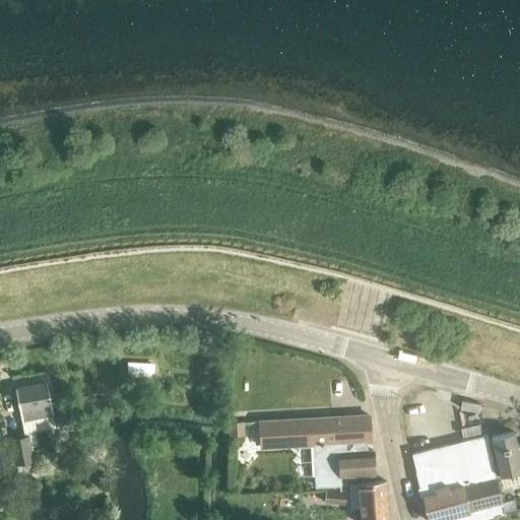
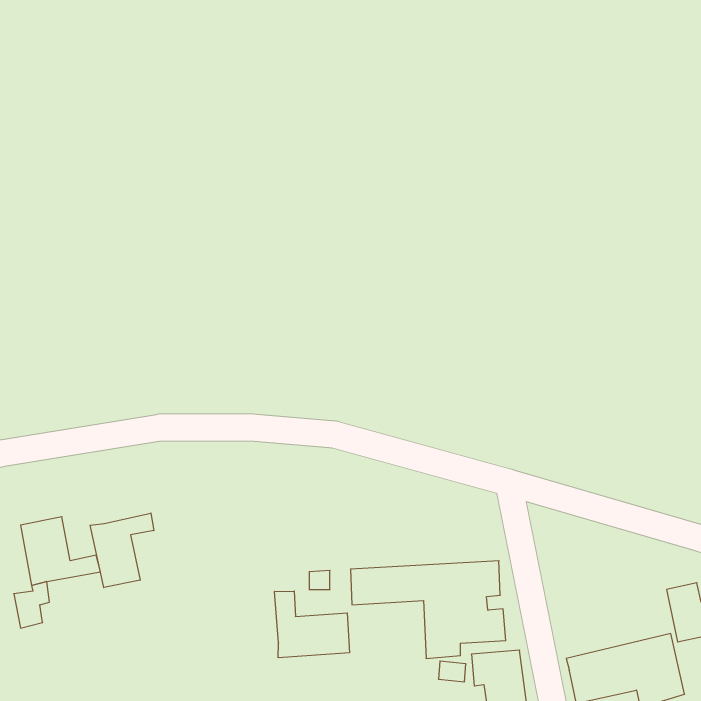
building: none -> [90,513,154,588]
building: [412,436,497,488] -> none
building: none -> [275,591,349,658]

